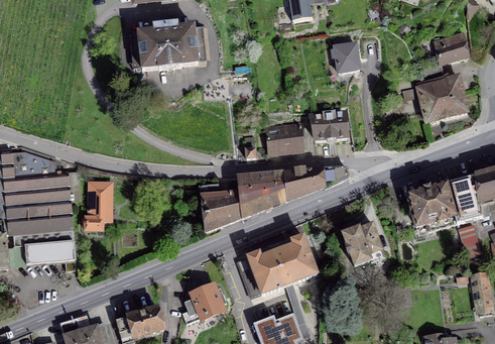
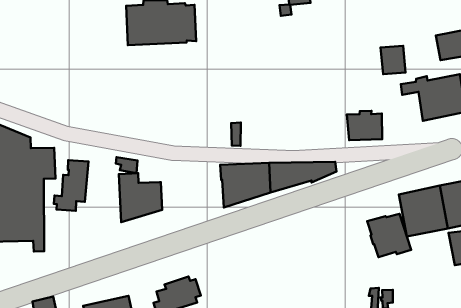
building: [334,43,359,72] -> [381,46,406,74]
building: [311,110,346,139] -> [347,111,382,140]
building: [265,124,303,153] -> none
building: [199,184,242,231] -> [119,173,162,222]
building: [341,223,384,265] -> [367,214,411,257]
building: [237,235,317,297] -> none

